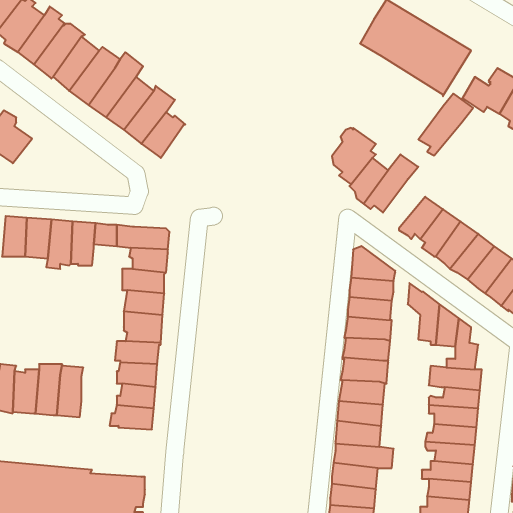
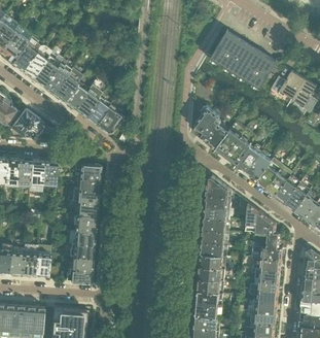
building: [418,94,473,155] -> [224,130,256,166]
building: none -> [95,105,125,134]
building: none -> [11,109,43,137]

